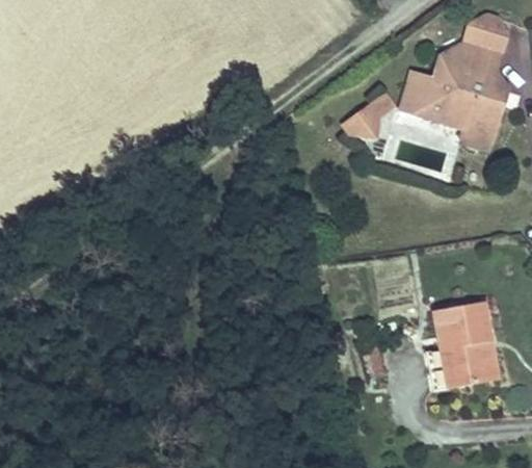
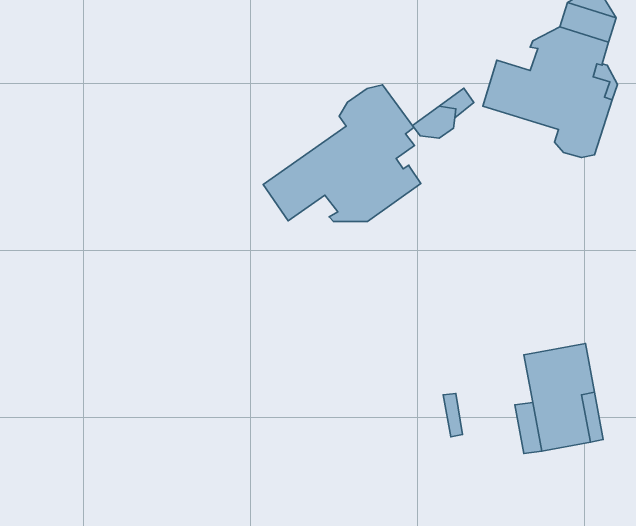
building: none -> [263,85,421,222]

